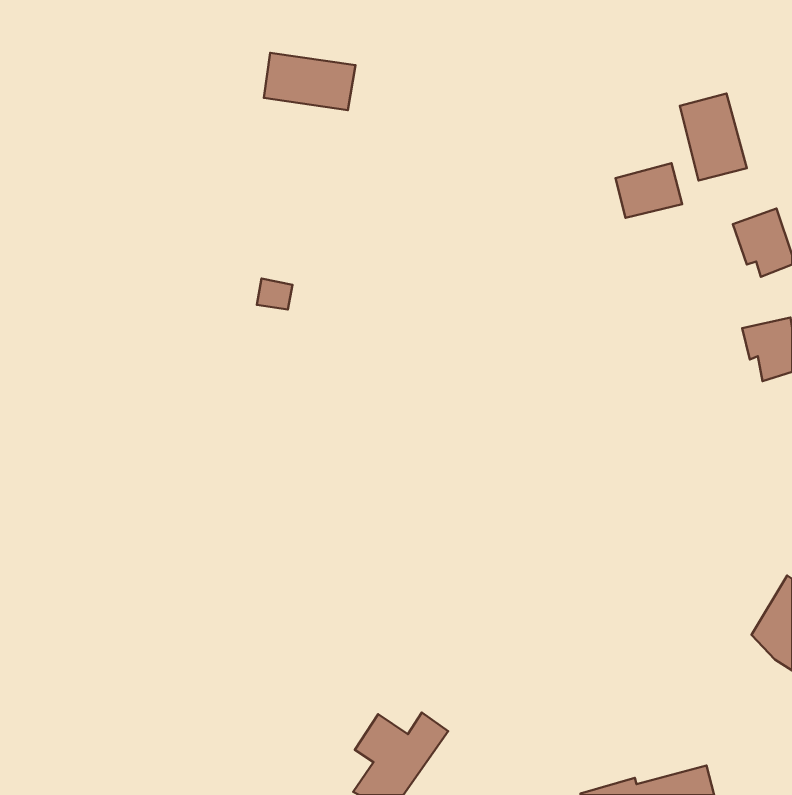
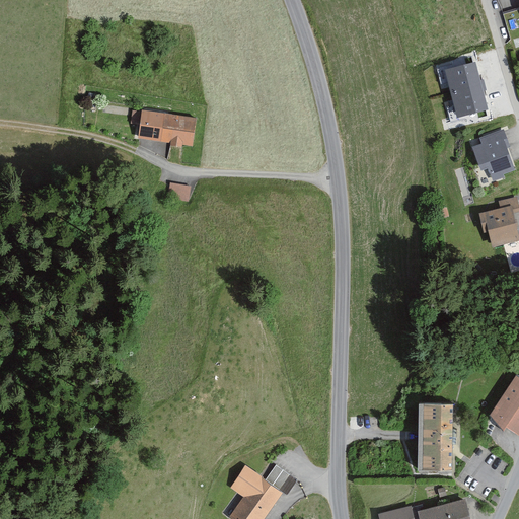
building: [264,53,356,110] -> [141,108,201,146]
building: [615,163,682,218] -> none
building: none -> [418,406,451,472]

